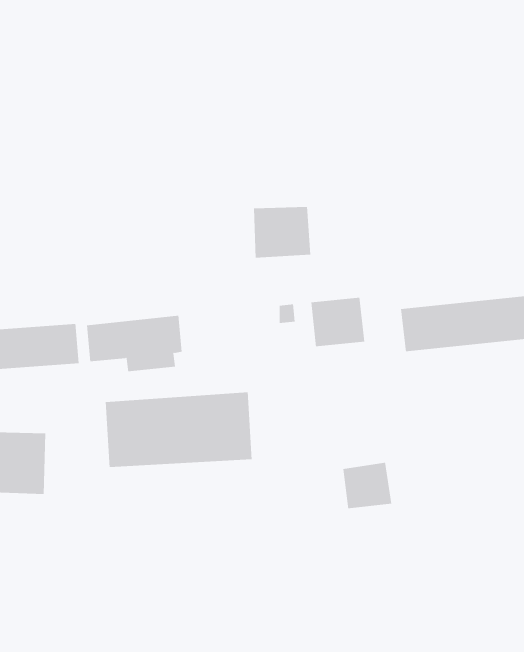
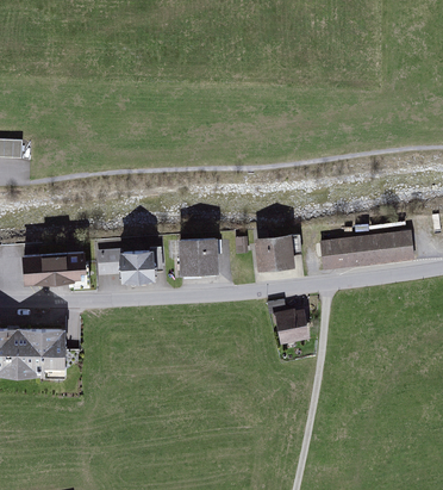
building: [253,207,311,258] -> [179,236,220,273]
building: [105,392,252,468] -> none
building: [342,462,392,509] -> [275,310,311,343]

